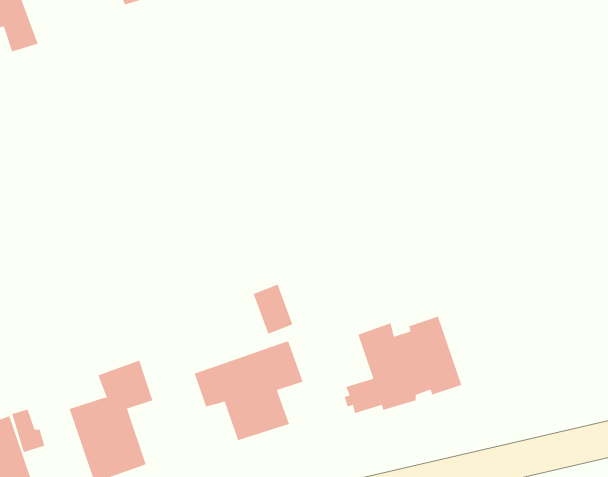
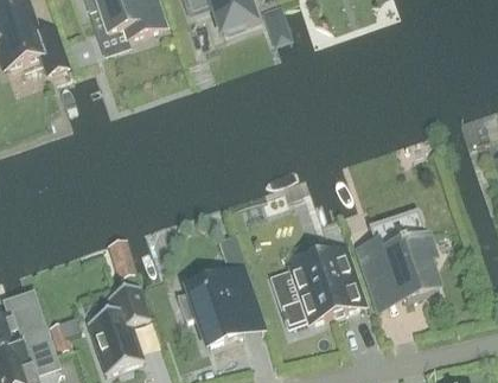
building: none -> [357,205,436,306]

